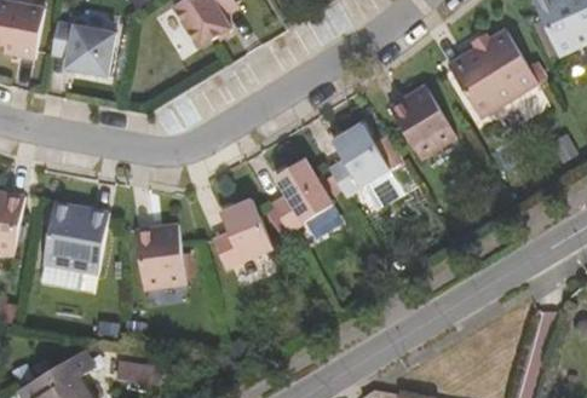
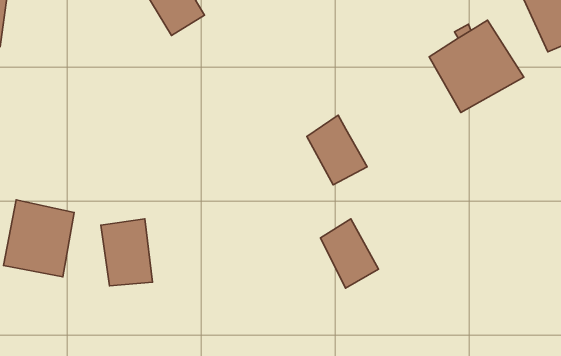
building: [50,24,114,80] -> none
building: [389,94,459,168] -> none
building: [274,166,329,232] -> [320,219,379,288]
building: [208,206,270,273] -> none

